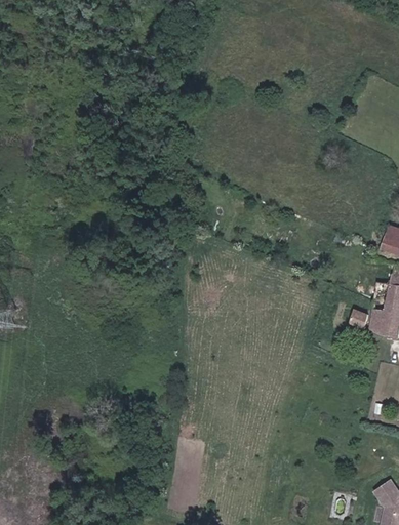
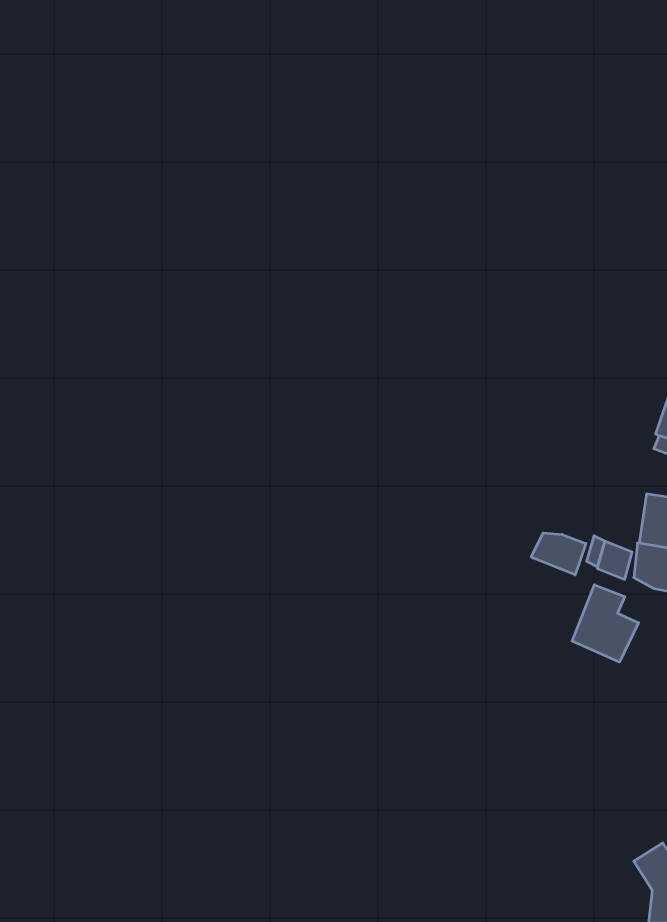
building: none -> [531,533,586,575]
building: none -> [572,585,639,662]

